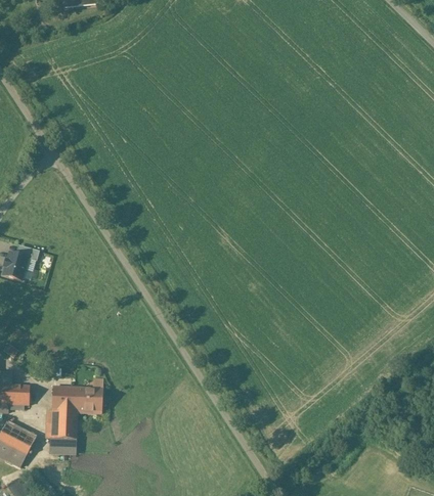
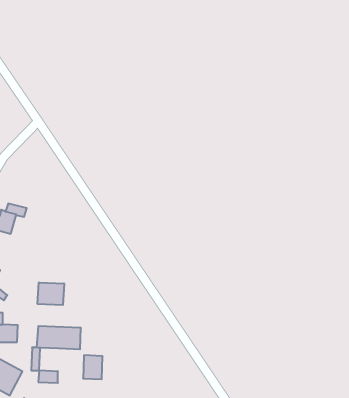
building: none -> [38,282,64,305]
building: [53,411,76,439] -> [83,355,103,379]

